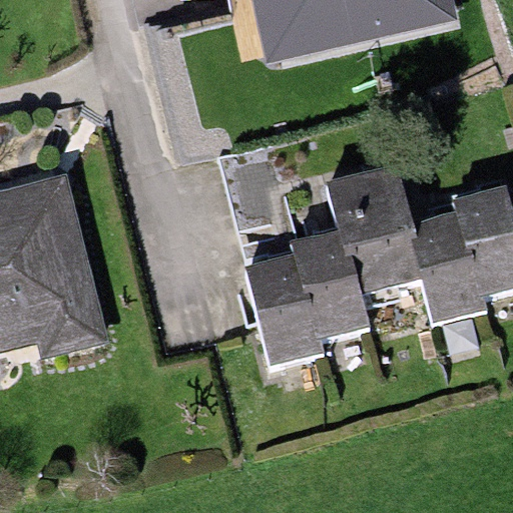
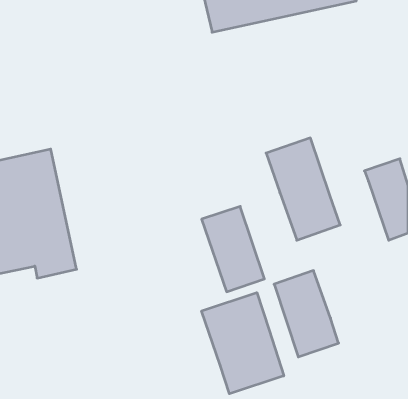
building: [410,225,488,330] -> none
building: [299,239,379,347] -> [274,271,339,357]
building: none -> [202,293,284,394]

